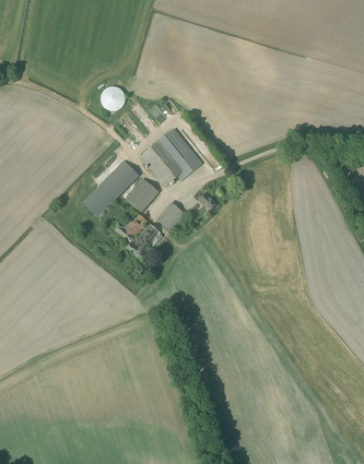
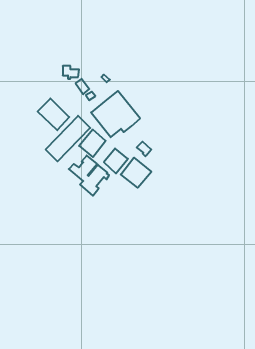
building: none -> [38,98,69,130]
building: none -> [121,158,151,188]

